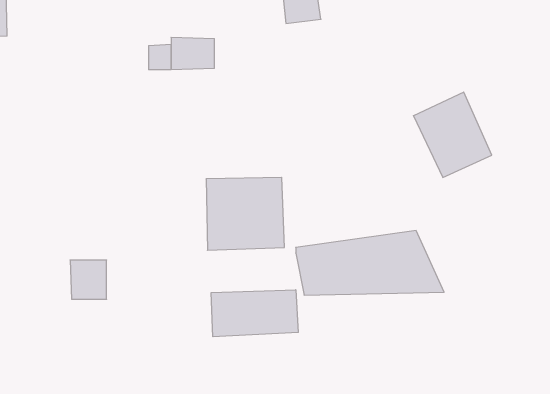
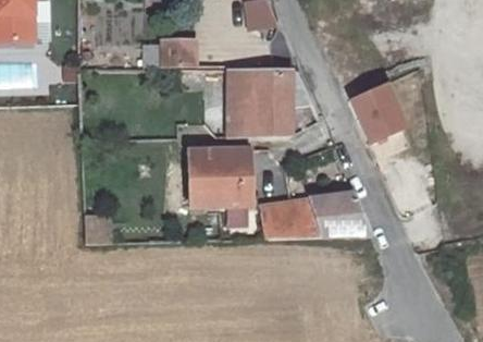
building: none -> [226,69,312,135]
building: [211,290,298,337] -> none

